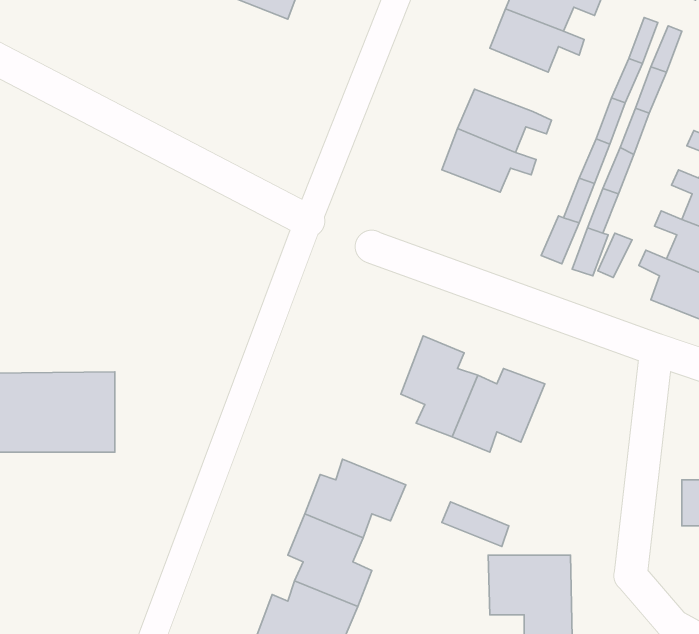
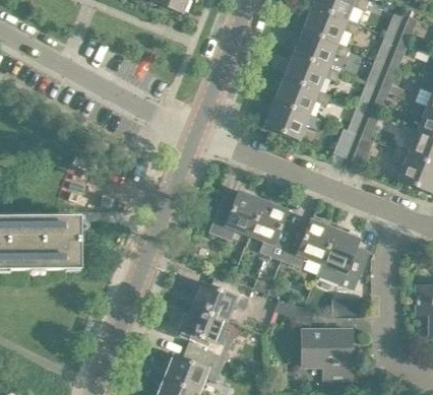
building: none -> [294,29,350,67]
building: none -> [264,102,321,139]
building: none -> [208,191,263,241]
building: none -> [321,228,368,288]

